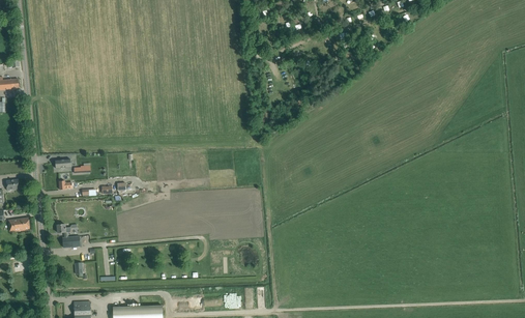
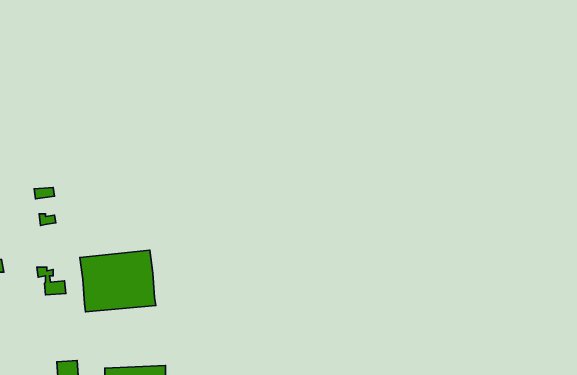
building: none -> [80,250,156,312]

